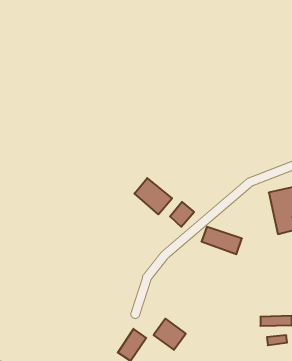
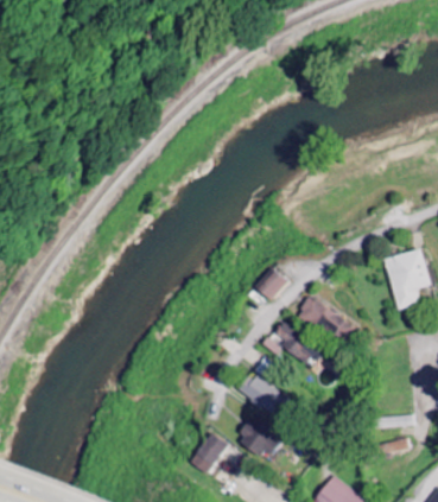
building: [134,178,172,214] -> none
building: none -> [271,320,324,363]
building: none -> [236,371,283,413]

